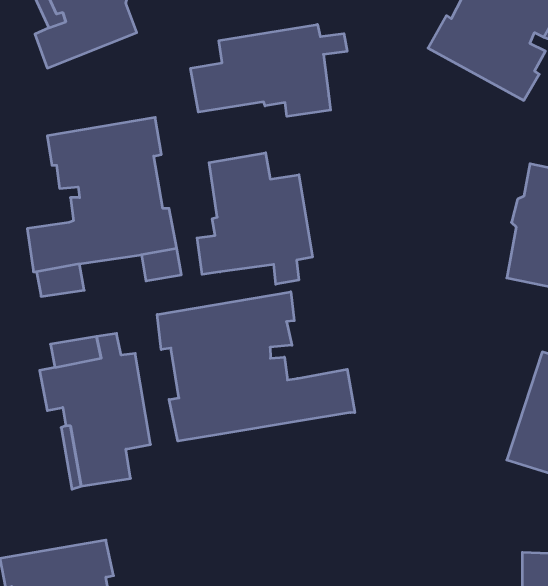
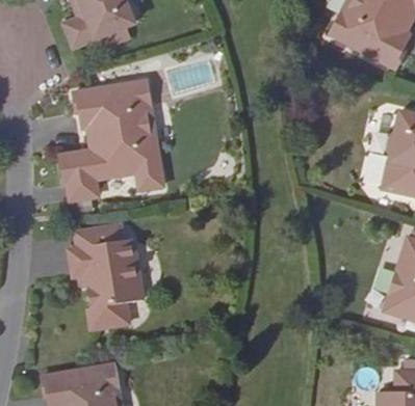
building: [191,24,347,116] -> none
building: [197,153,312,284] -> none
building: [157,292,355,441] -> none

